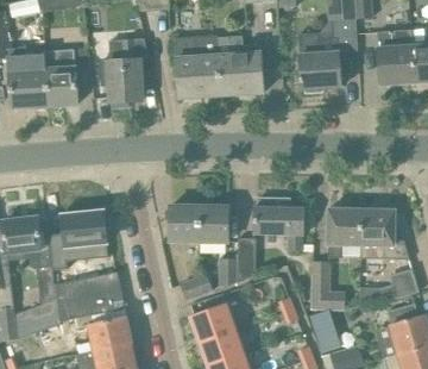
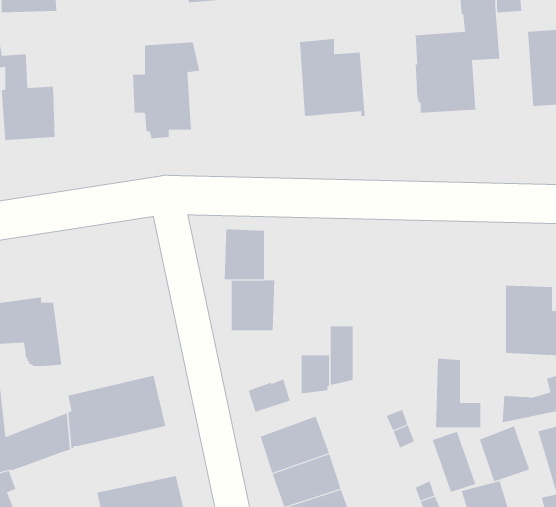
building: [174,36,221,96] -> none
building: [46,49,77,105] -> none
building: [253,196,306,250] -> none
building: [200,205,228,240] -> [224,229,265,280]
building: [328,207,361,256] -> none
building: [62,209,107,246] -> none
building: none -> [479,426,530,482]
building: [87,314,132,350] -> none

